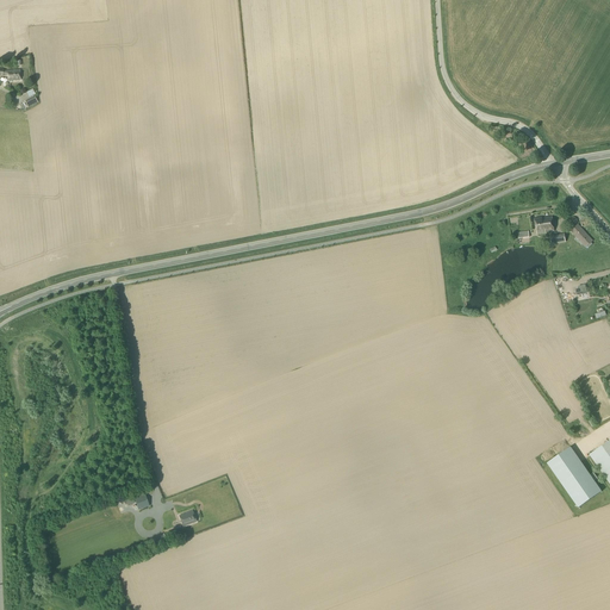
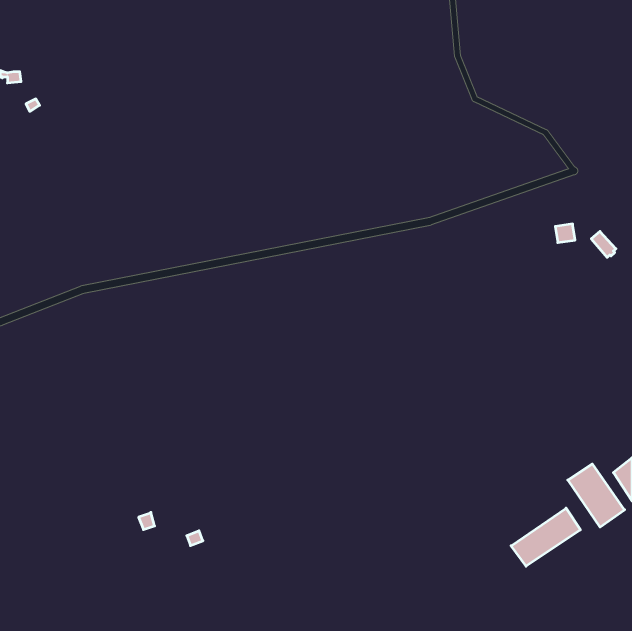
building: none -> [511,508,580,566]

